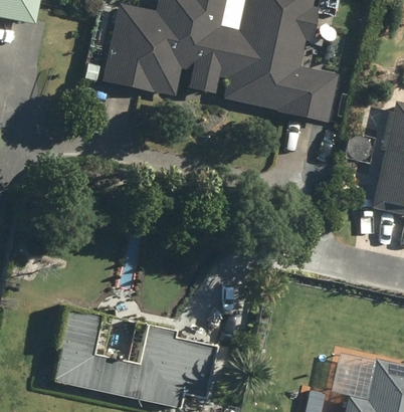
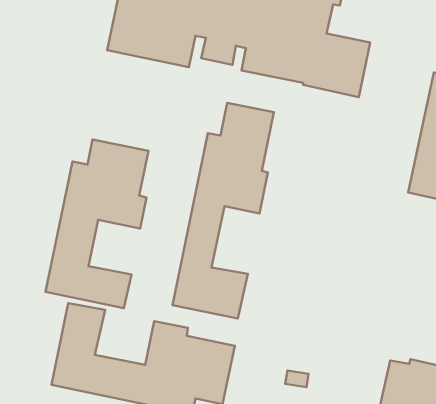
building: none -> [172,103,274,319]
building: none -> [45,139,148,308]

